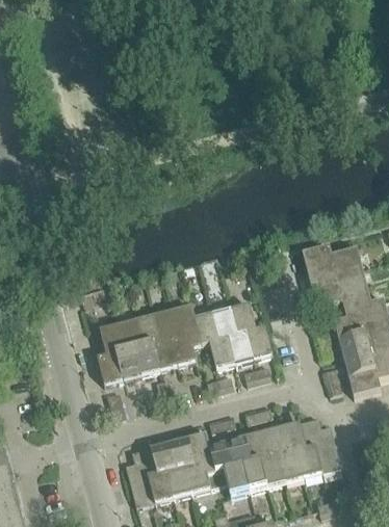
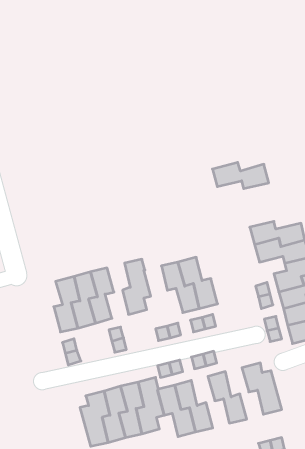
building: [302,243,362,271] -> [212,162,269,189]
building: [152,308,179,367] -> none
building: [193,311,235,366] -> none
building: [281,420,321,475] -> none
building: [244,429,285,484] -> none

